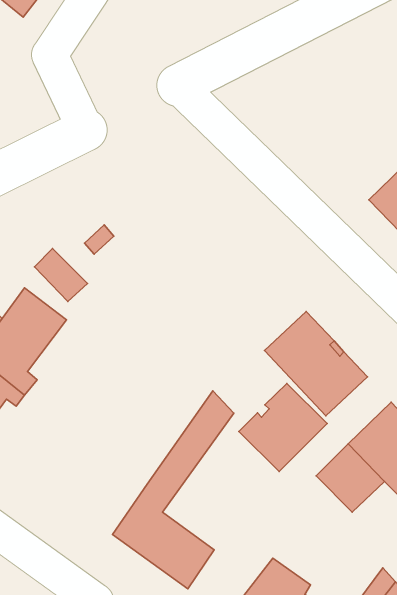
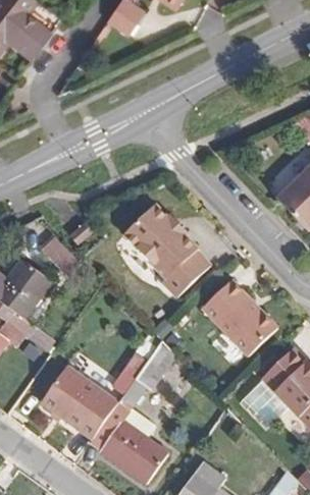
building: none -> [123,201,211,294]
building: [239,383,327,471] -> none
building: none -> [46,381,115,441]

